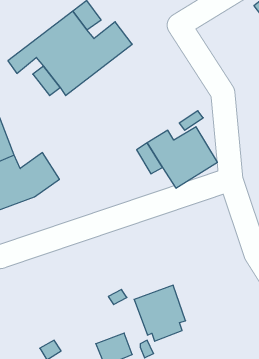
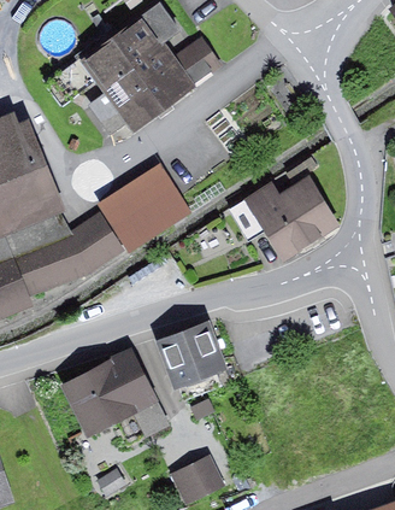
building: none -> [99,163,190,247]
building: none -> [64,344,171,436]
building: [134,285,186,341] -> [157,322,226,398]

